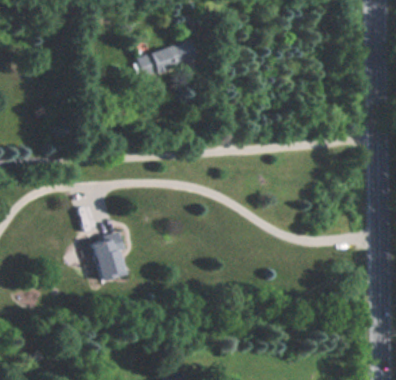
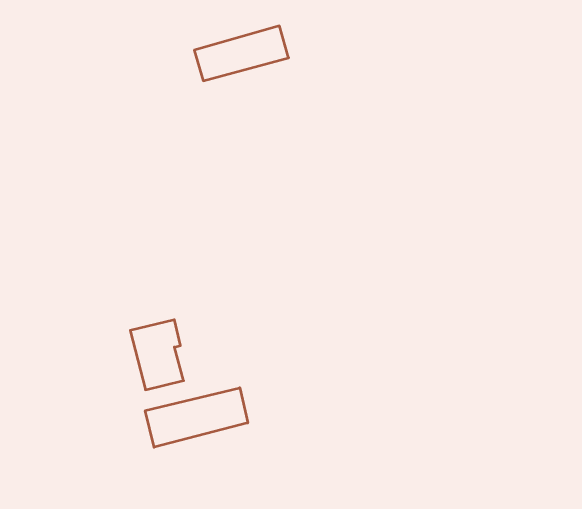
building: none -> [145,388,248,447]

